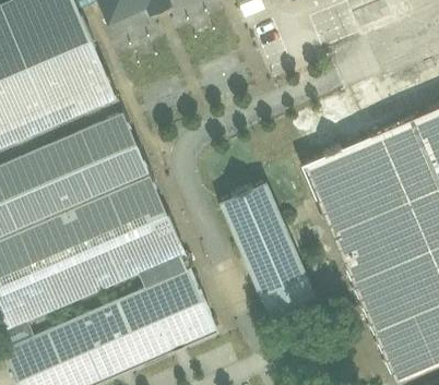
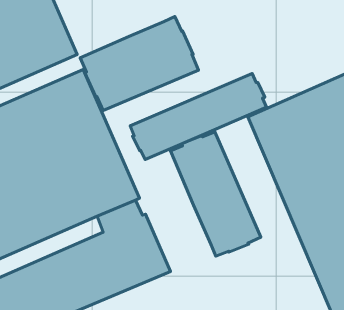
building: none -> [80,17,198,111]
building: none -> [130,74,267,160]

